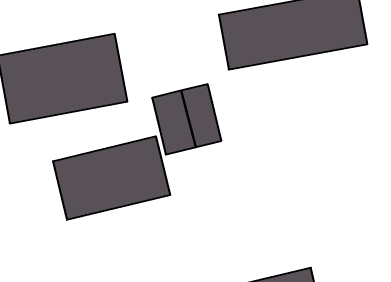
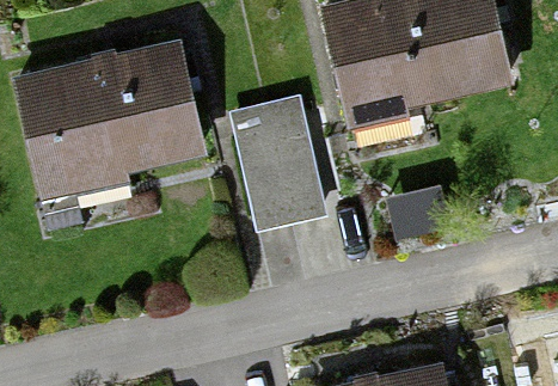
building: [53,136,170,220] -> none

